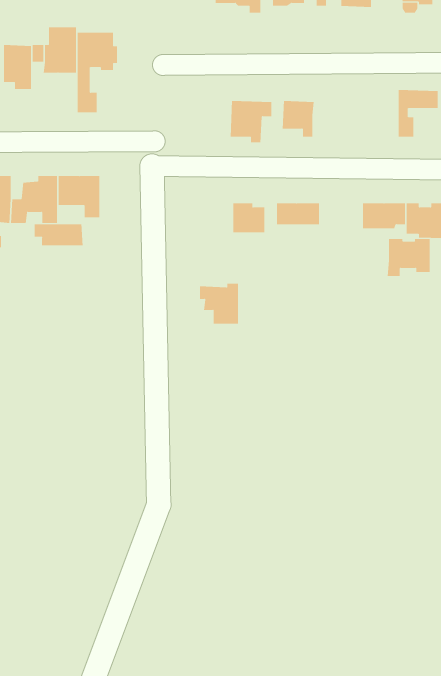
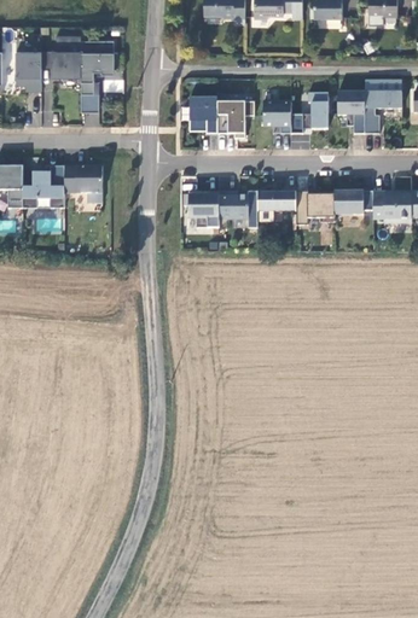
building: none -> [337,91,365,133]
building: none -> [290,92,327,133]
building: none -> [190,97,217,133]
building: [34,223,83,246] -> none
building: [387,238,431,277] -> [295,191,333,225]
building: [199,283,239,324] -> [184,191,219,227]

